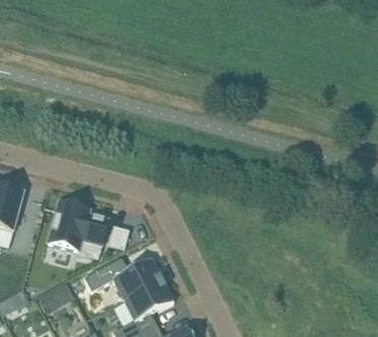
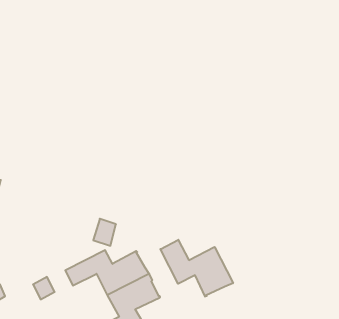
building: [48,200,107,249] -> none
building: none -> [160,240,233,297]

